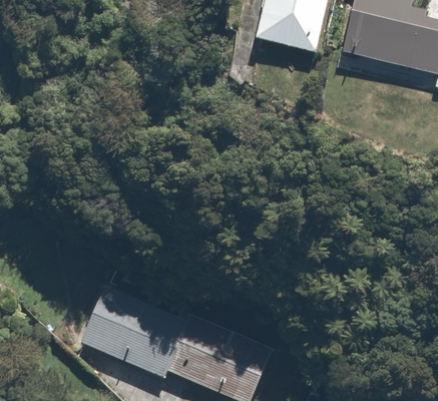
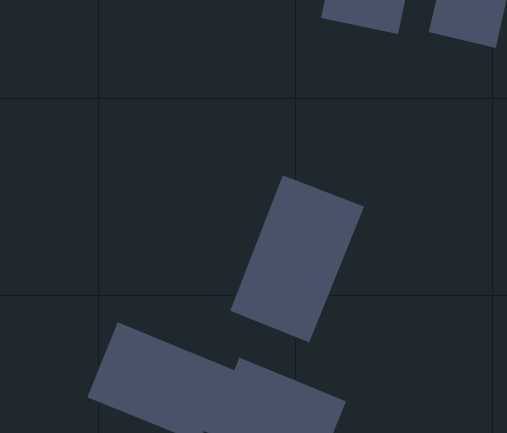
building: none -> [229,175,365,343]

